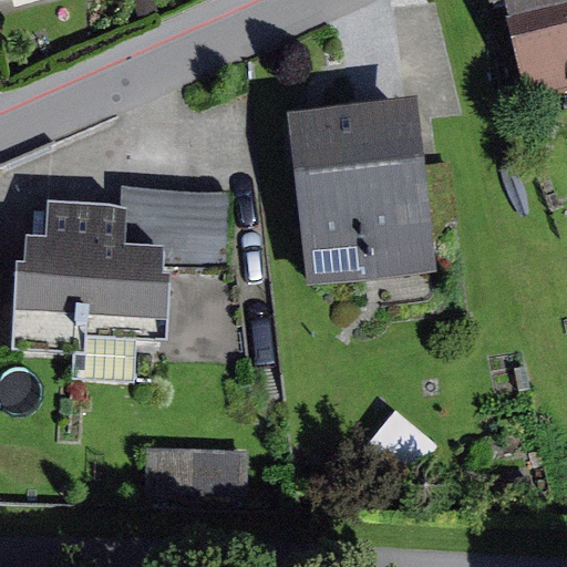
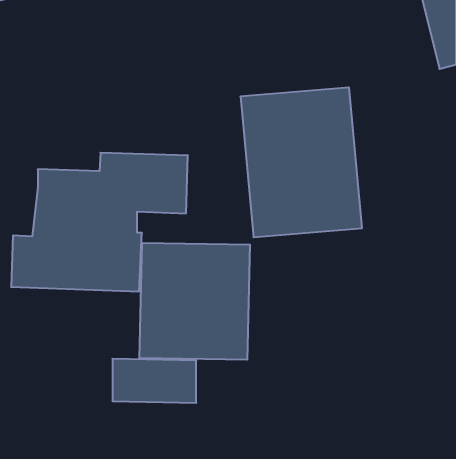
building: none -> [139,243,250,360]

